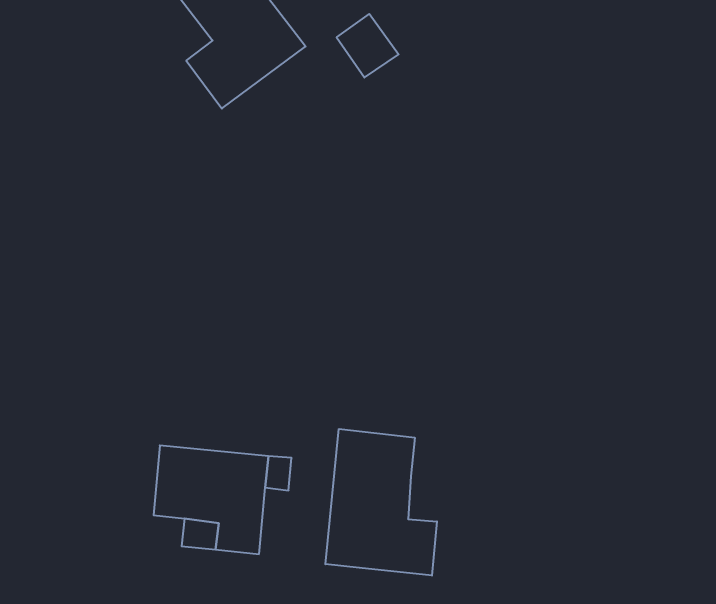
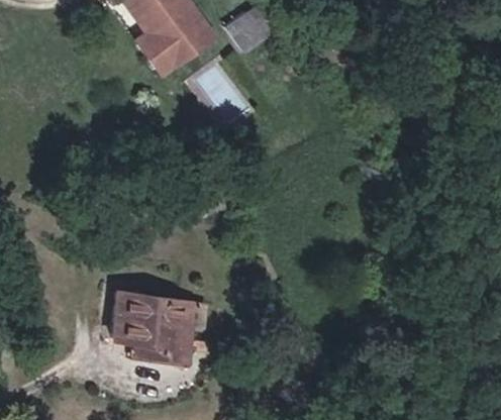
building: [325,429,437,576] -> none

